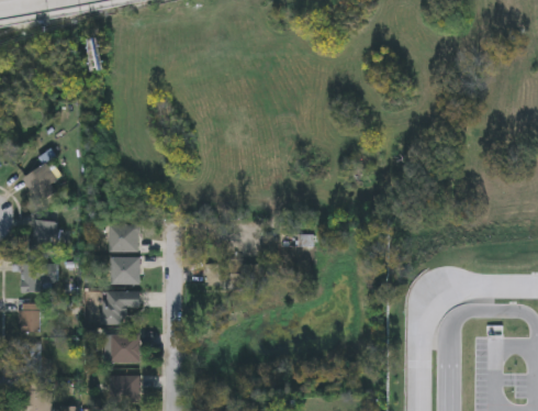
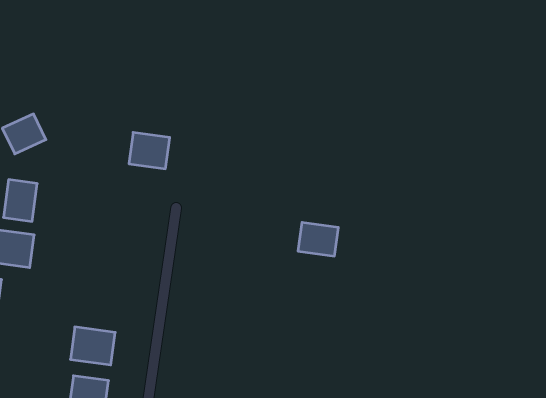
building: [109,225,139,252] -> [129,132,170,169]
building: [110,257,139,285] -> none
building: [102,291,141,324] -> none

